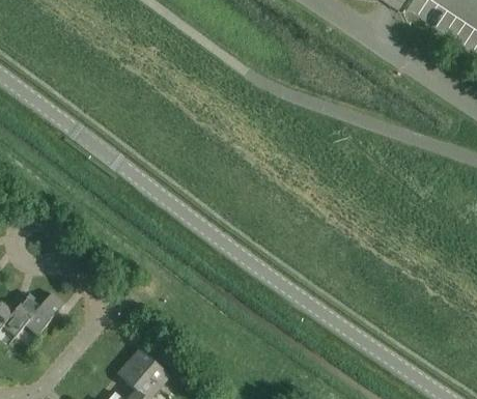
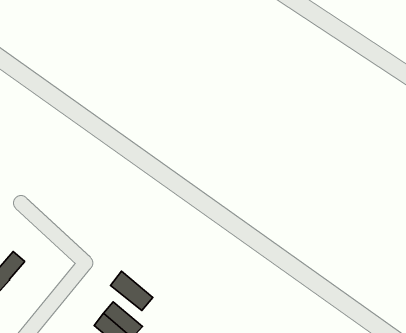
building: [24,294,62,337] -> none
building: none -> [111,271,153,311]

